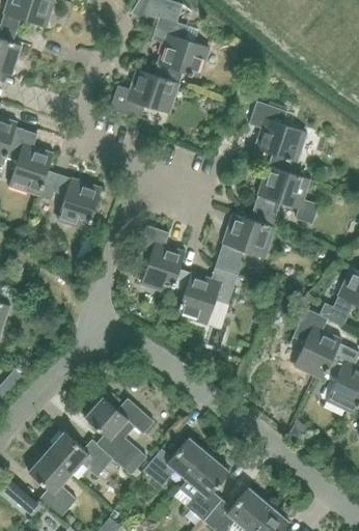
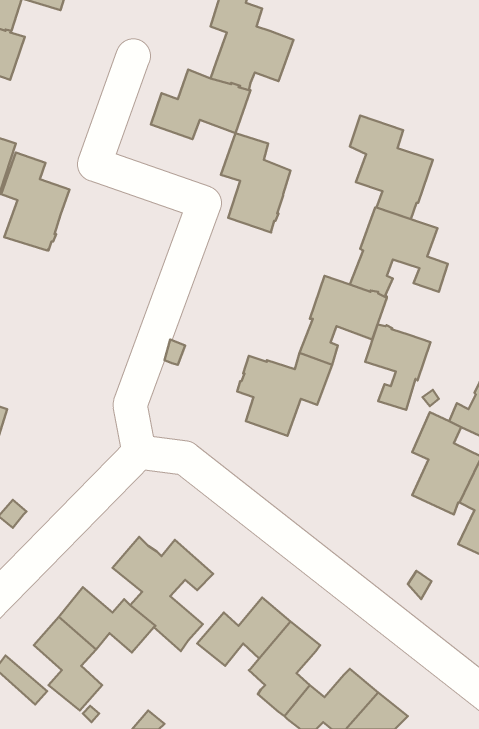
building: [38,170,102,230] -> none
building: [135,225,184,295] -> [221,133,290,233]
building: none -> [365,325,430,410]

